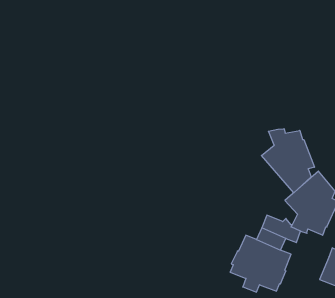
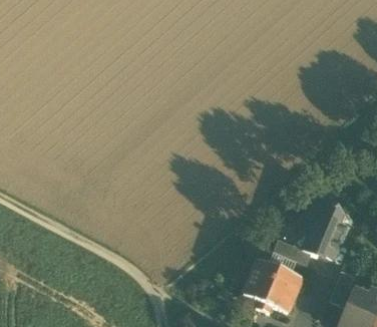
building: [261,129,314,193] -> none

